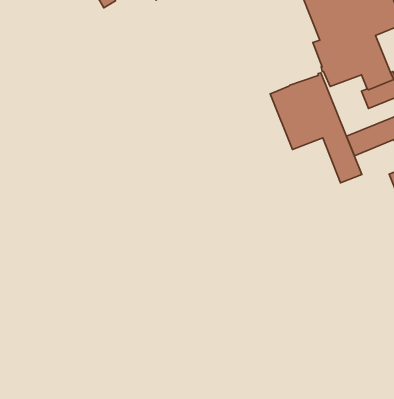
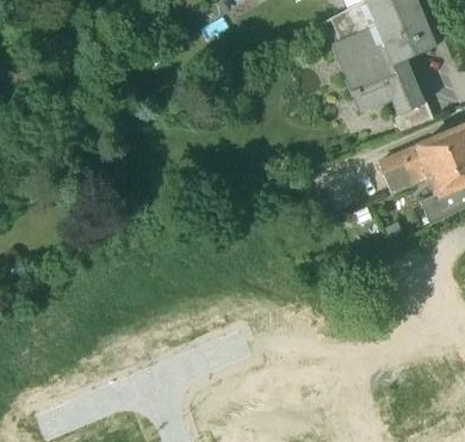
building: [270,73,362,183] -> none

